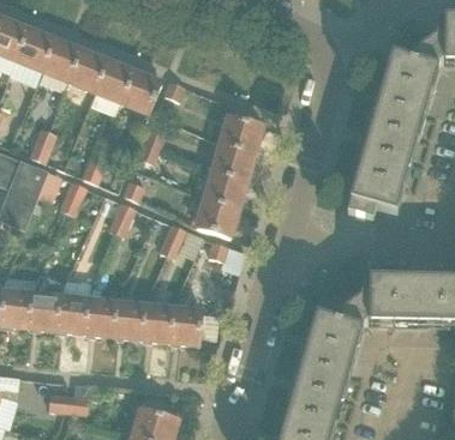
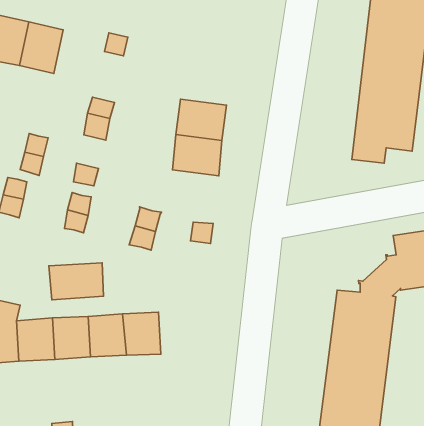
building: [121,68,162,113] -> none
building: [218,111,263,150] -> none
building: [194,194,239,233] -> none
building: none -> [49,263,104,300]
building: [169,306,202,342] -> none

